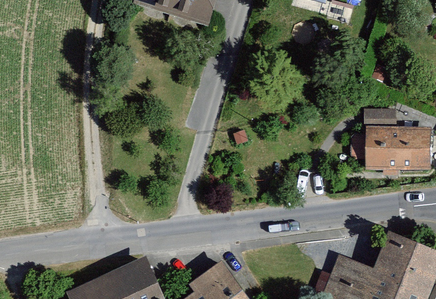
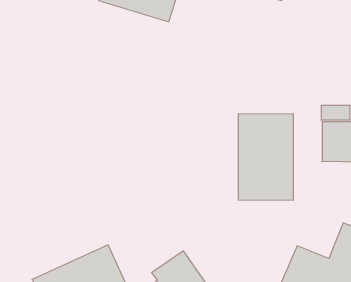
building: none -> [238,114,293,200]

